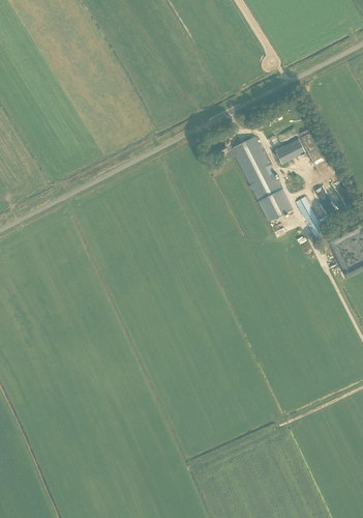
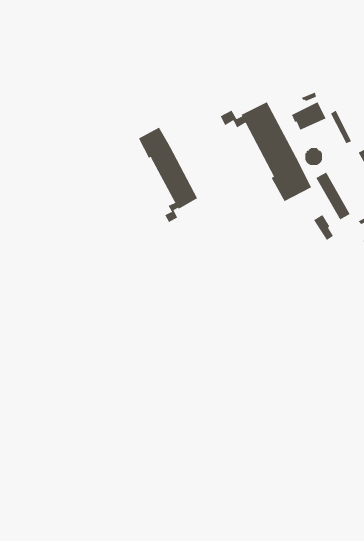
building: none -> [138,127,198,223]

